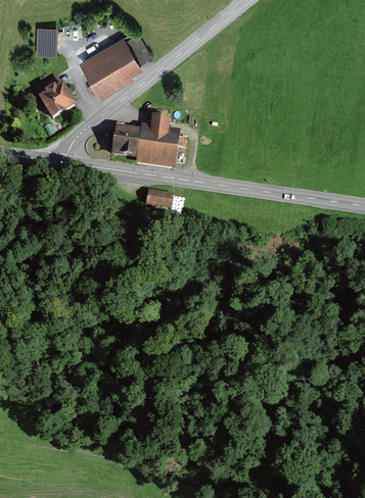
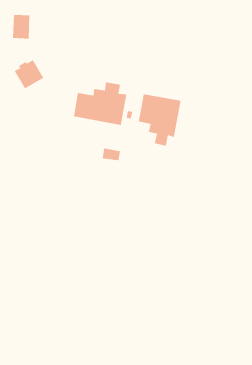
building: [79,34,151,100] -> none
building: none -> [138,93,181,147]

